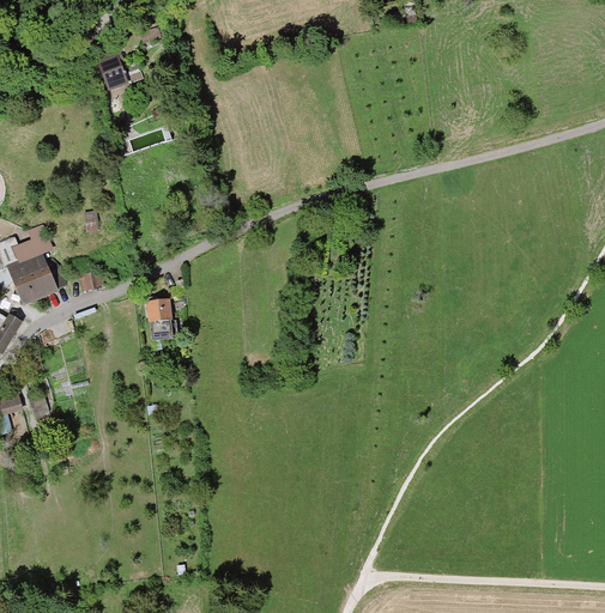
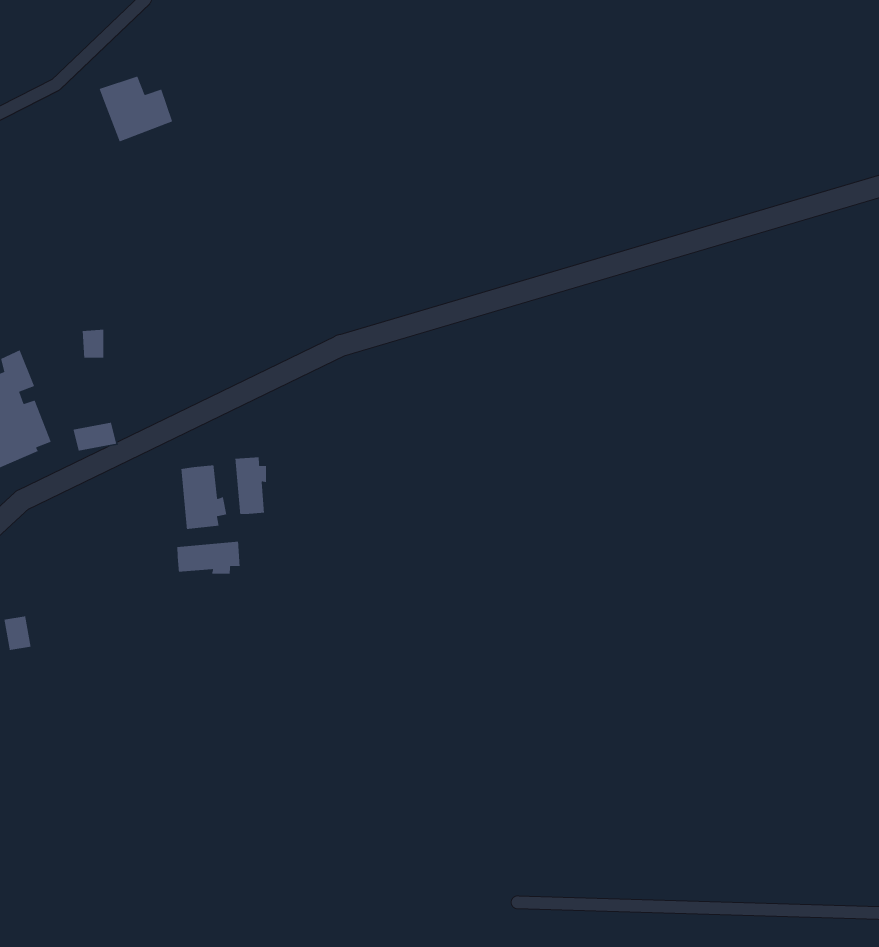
building: none -> [234,456,267,515]
building: none -> [176,541,240,574]

